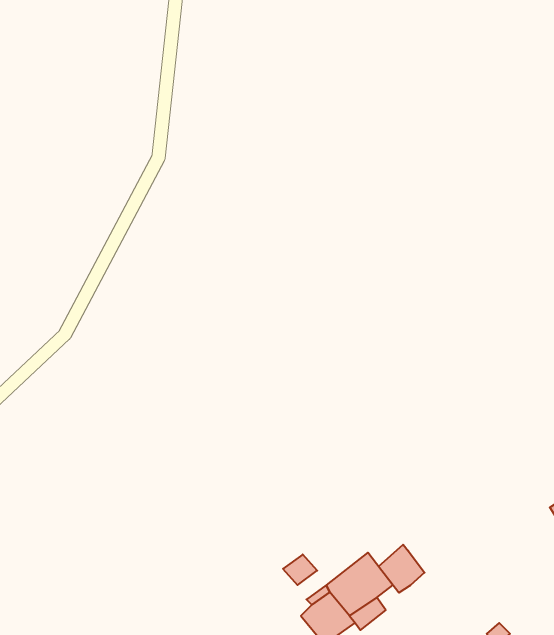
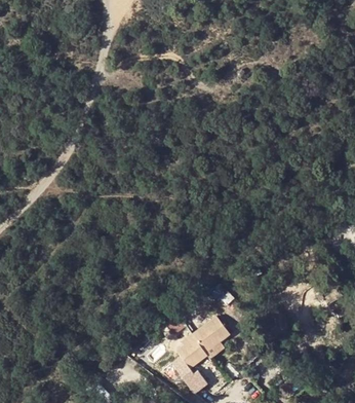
building: [379,545,425,593] -> none

